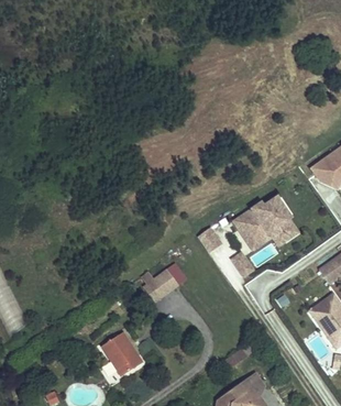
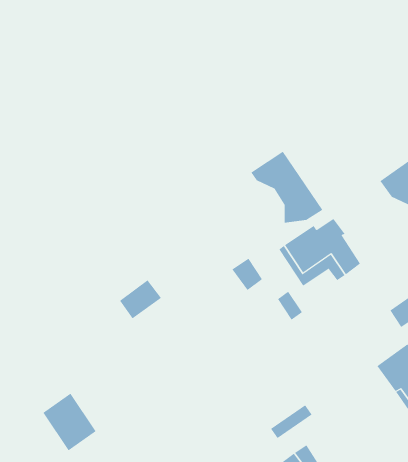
building: none -> [251,151,323,224]
building: [143,272,176,303] -> [119,279,162,319]
building: [101,332,143,377] -> [42,393,96,451]

